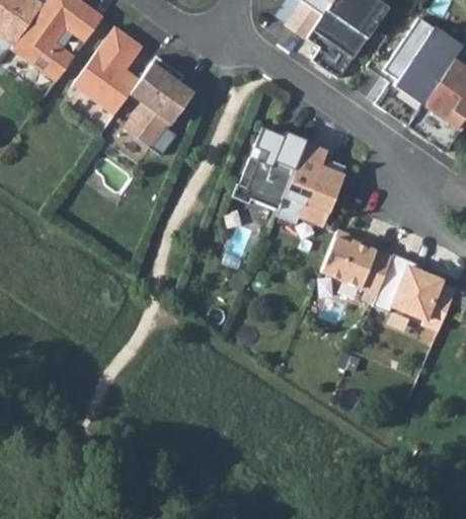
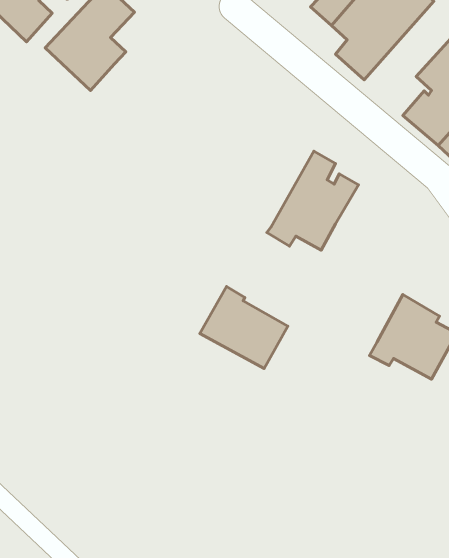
building: [127,55,195,147] -> none
building: [232,126,307,209] -> none
building: [321,229,393,293] -> [200,287,288,369]

